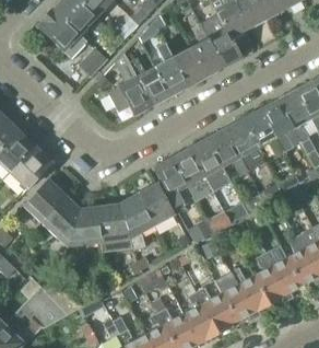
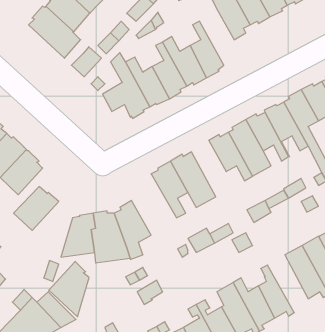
building: [199,13,240,65] -> none
building: [191,136,224,189] -> none
building: [134,183,174,225] -> none
building: [40,194,79,246] -> [49,261,89,317]
building: [257,235,302,299] -> none

